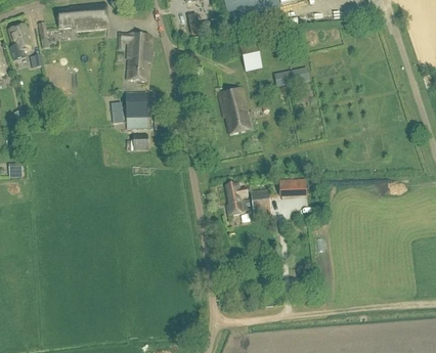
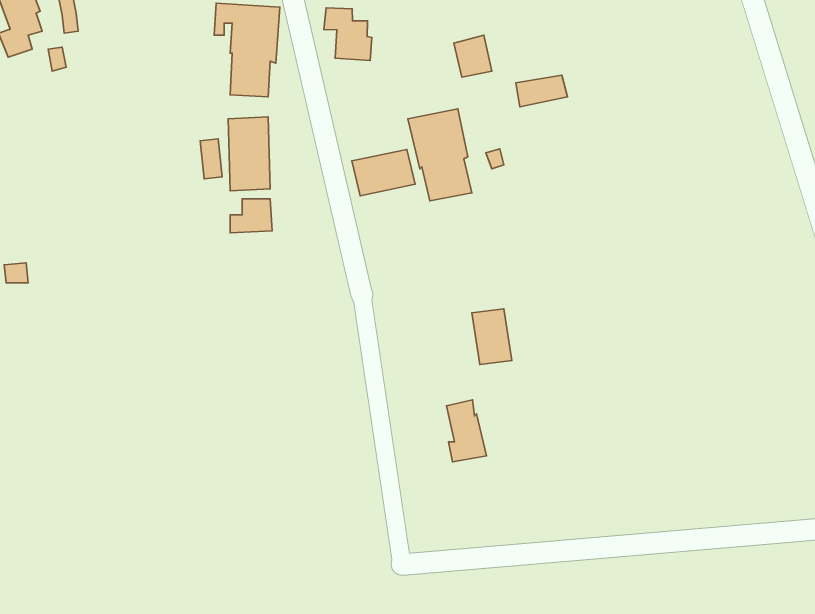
building: none -> [324,8,372,60]
building: none -> [352,149,415,196]
building: [279,179,307,194] -> none
building: [225,182,246,214] -> [447,400,487,462]

